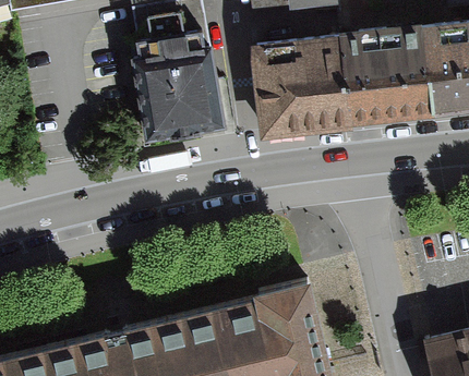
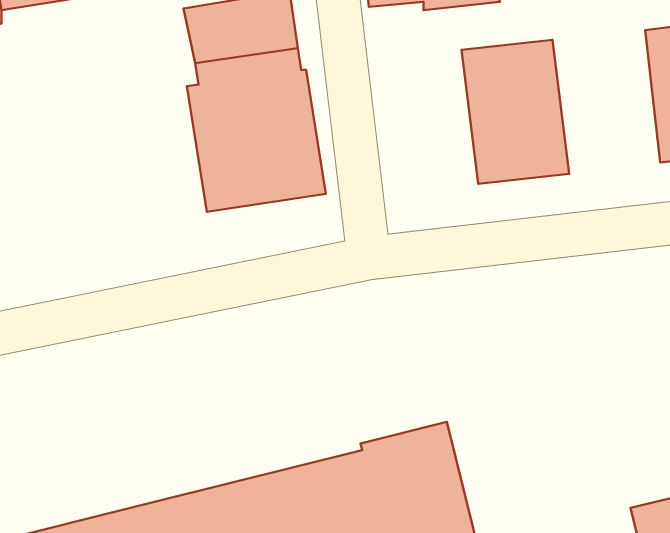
building: [374,23,445,118] -> none
building: [254,36,325,131] -> none

